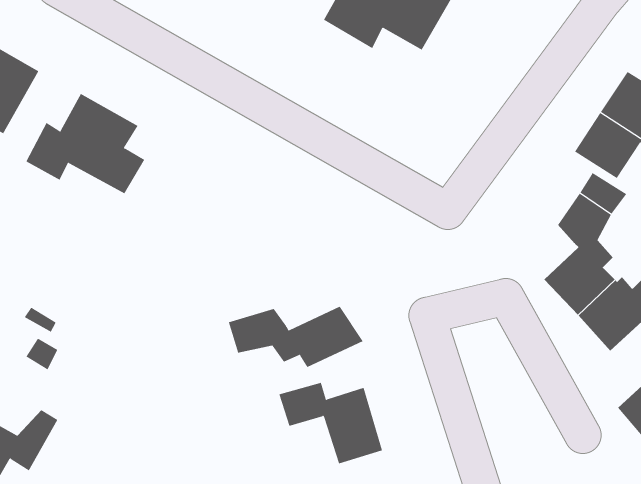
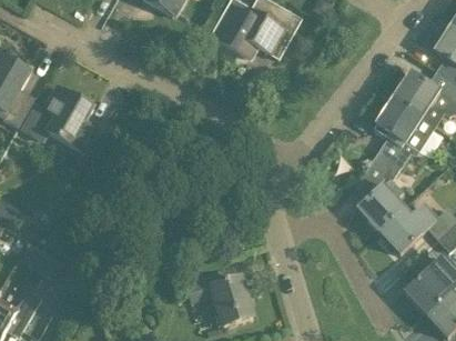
building: [228,306,364,368] -> none

